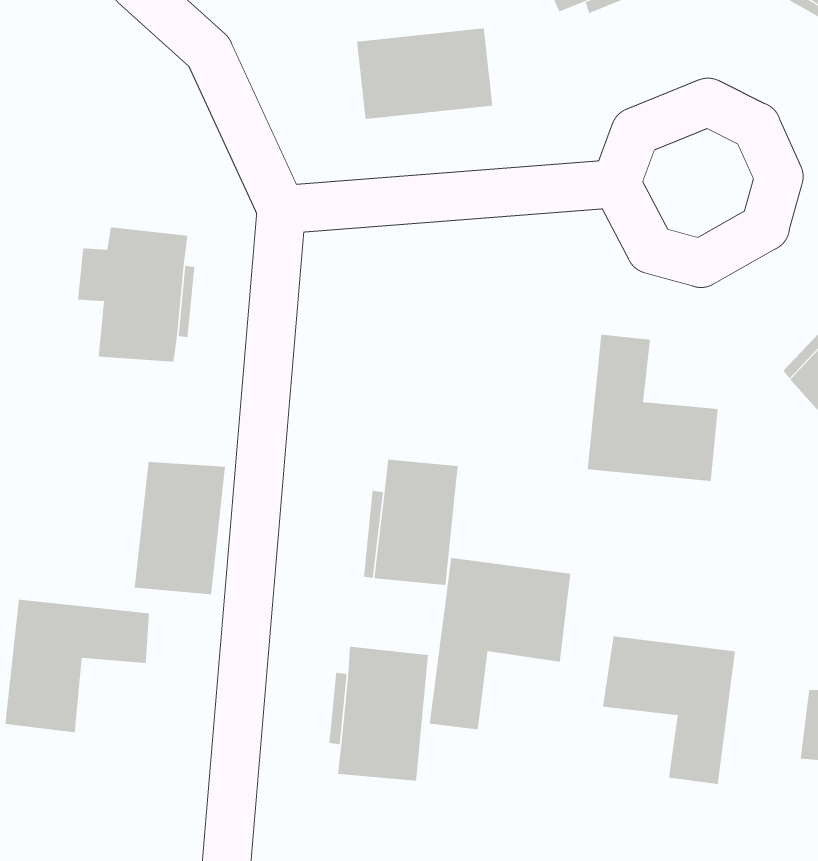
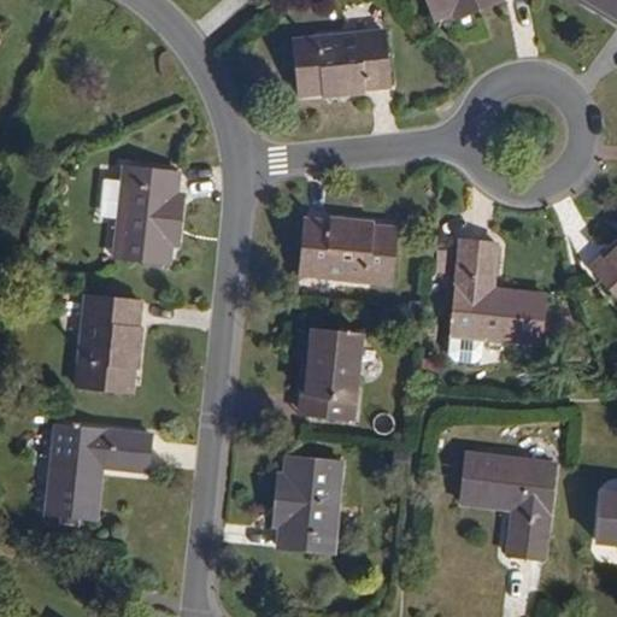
building: none -> [296,212,392,275]
building: [134,461,226,595] -> [76,299,140,392]
building: [429,557,571,730] -> none

